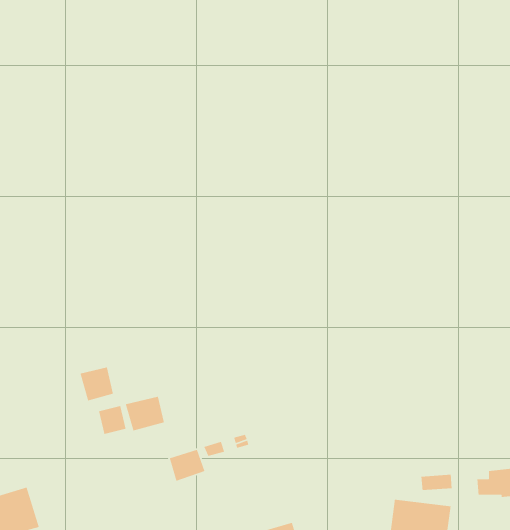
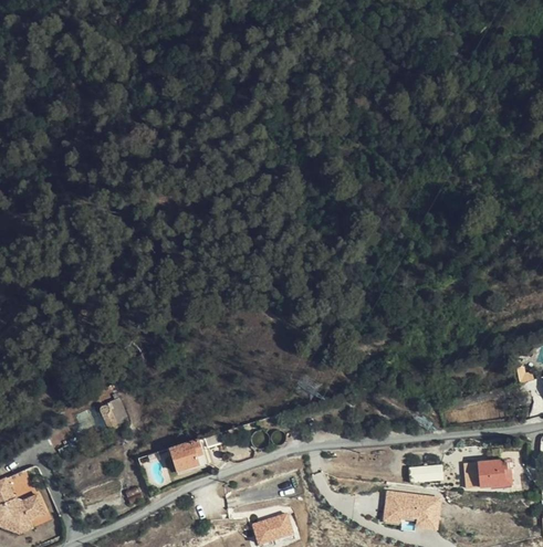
building: [79,366,114,401] -> none
building: [125,396,165,431] -> none

